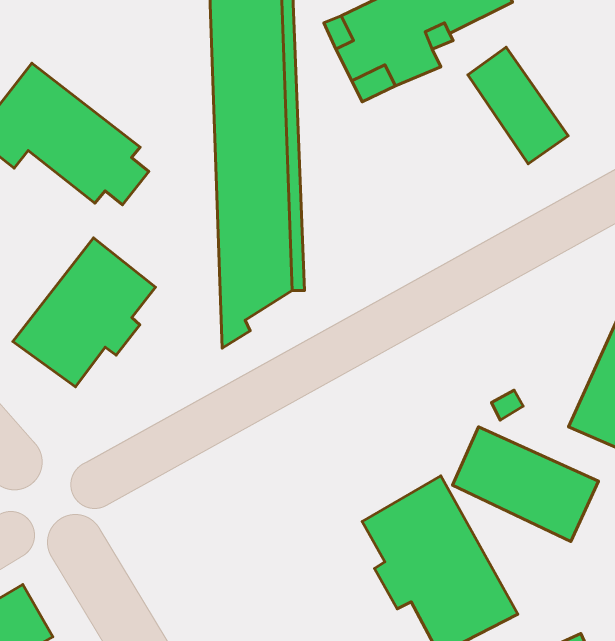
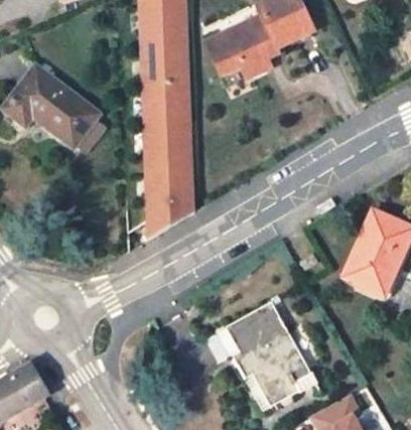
building: [468,47,568,164] -> none
building: [13,238,155,387] -> none
building: [453,427,598,542] -> none

